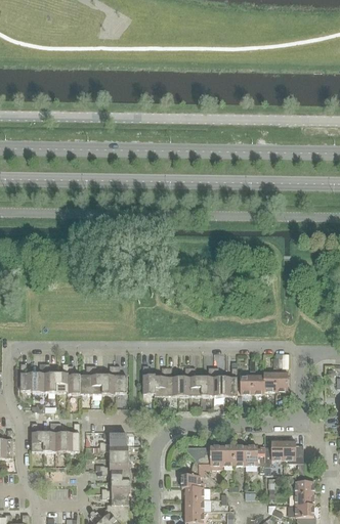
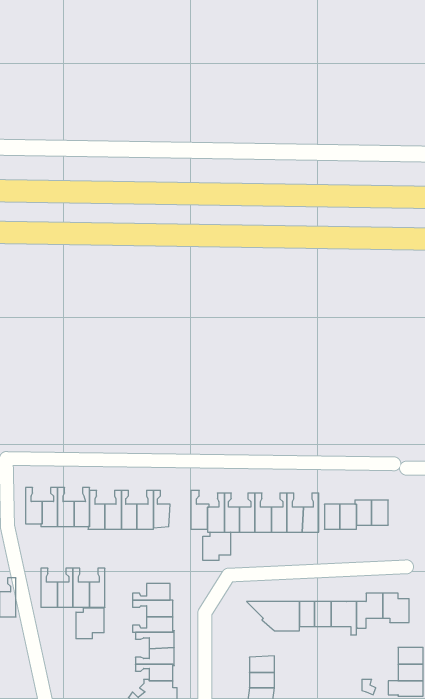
building: none -> [203,532,231,560]
building: none -> [76,608,104,639]
building: [181,460,204,487] -> none

